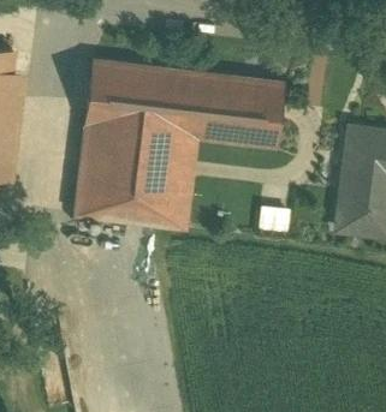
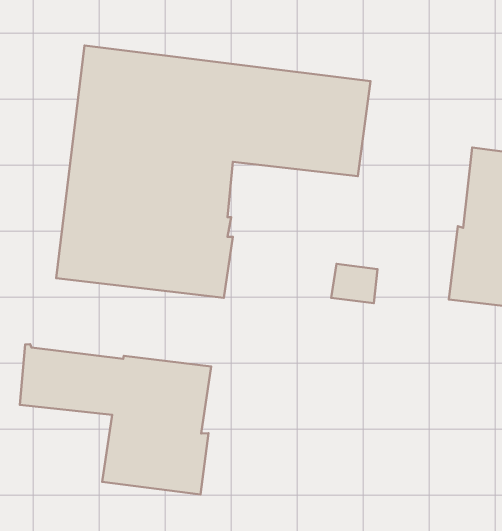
building: none -> [20,344,211,495]

